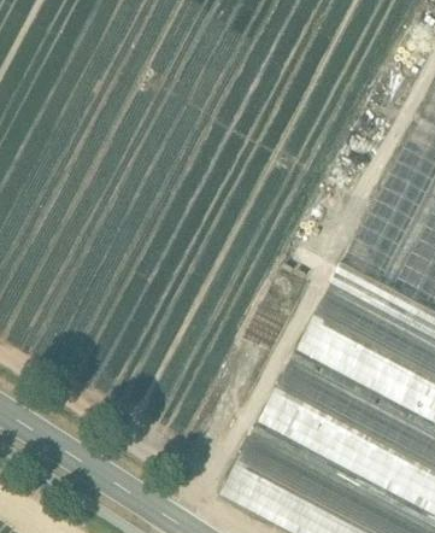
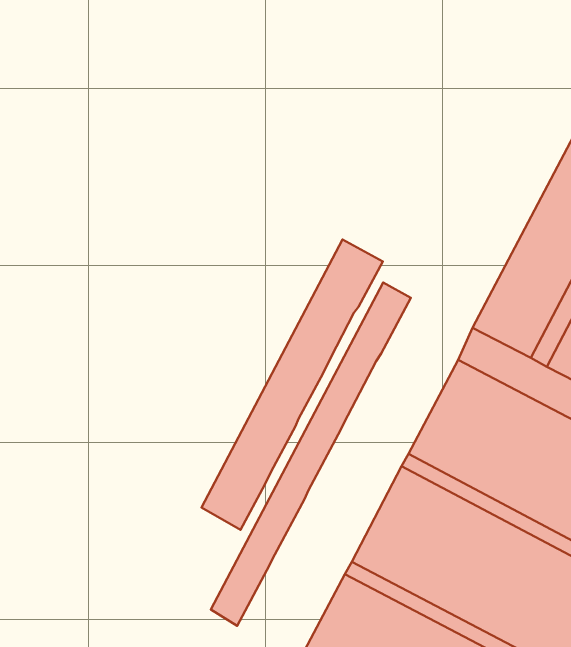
building: none -> [201,239,383,530]
building: none -> [211,283,411,626]

